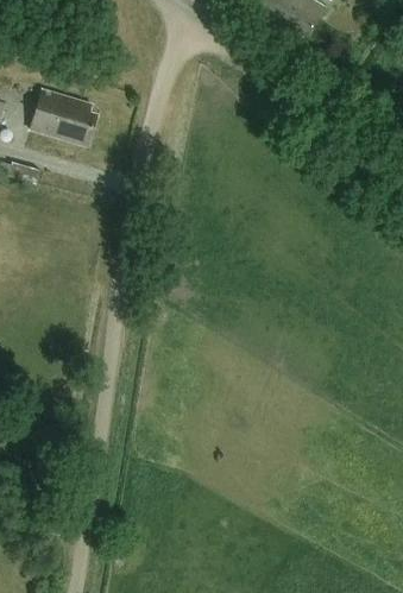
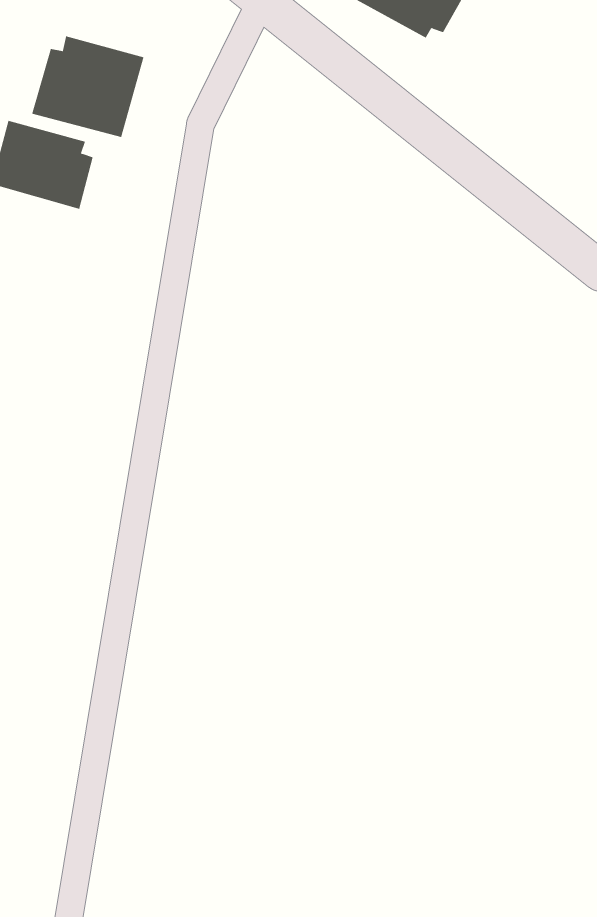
building: none -> [31,35,144,138]

